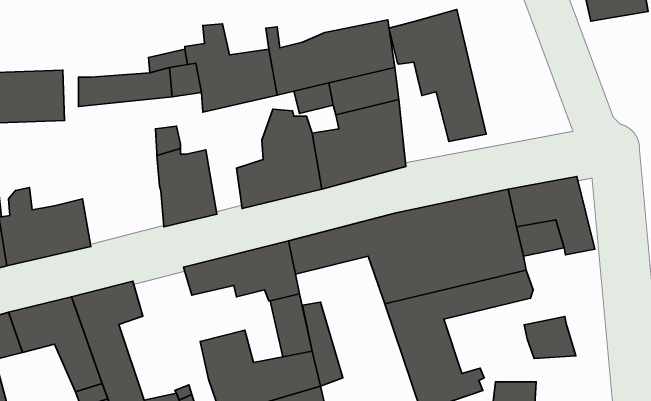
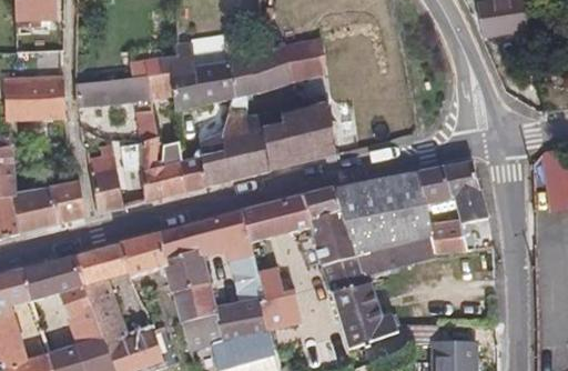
building: [389,10,486,141] -> none
building: none -> [181,132,223,191]
building: none -> [88,143,124,214]
building: none -> [120,233,209,292]
building: [524,317,576,359] -> [429,218,470,251]

